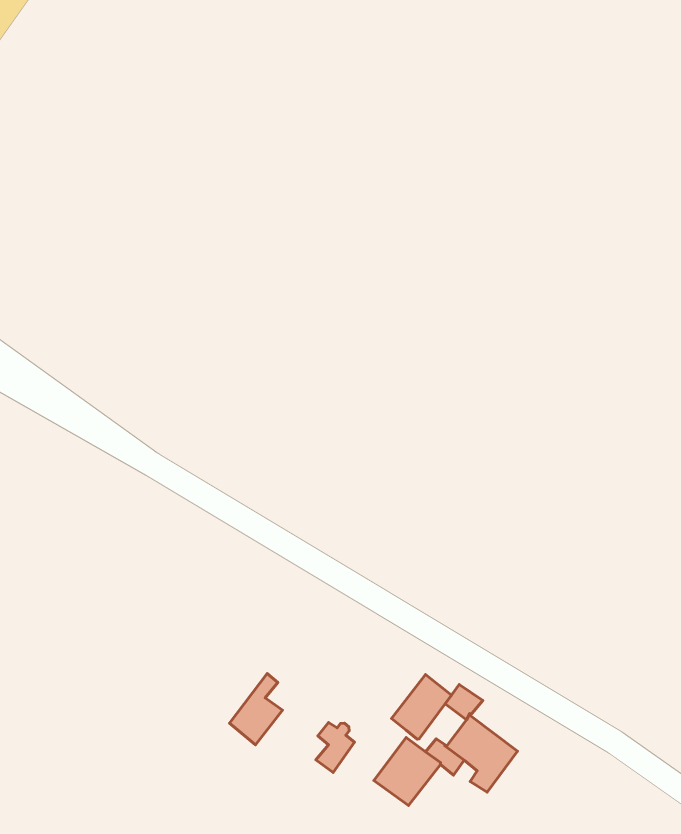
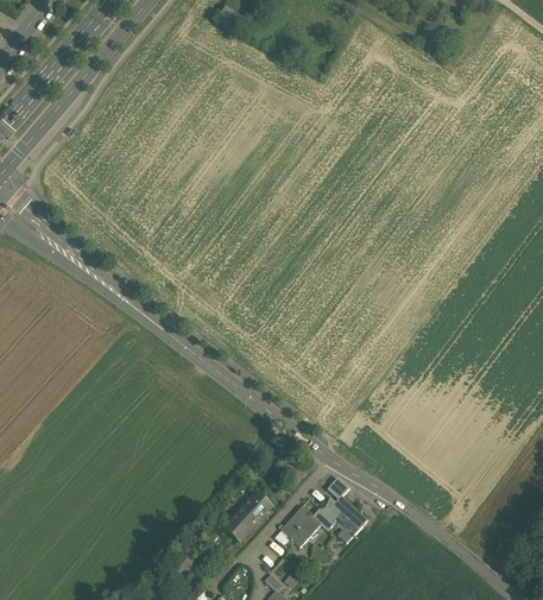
building: [230,674,282,745] -> [223,499,255,541]
building: [391,674,451,739] -> none

